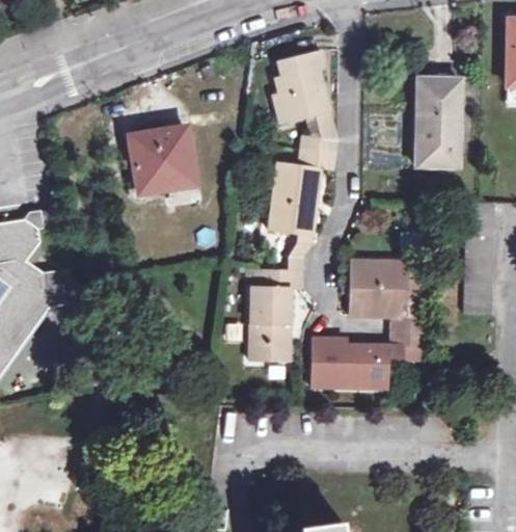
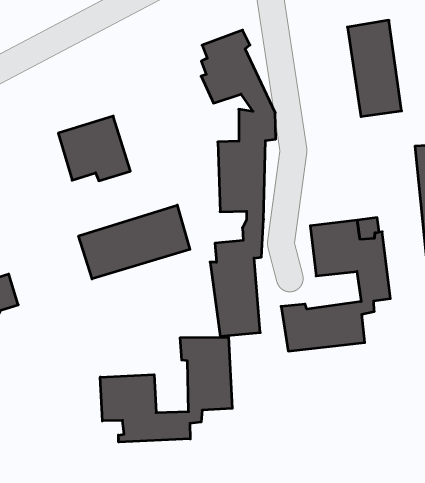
building: none -> [79,205,190,279]
building: none -> [100,337,232,442]

